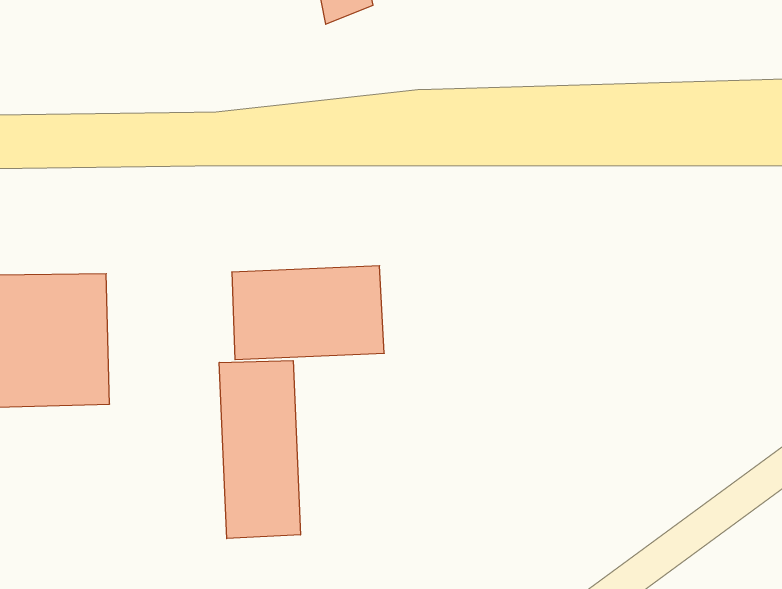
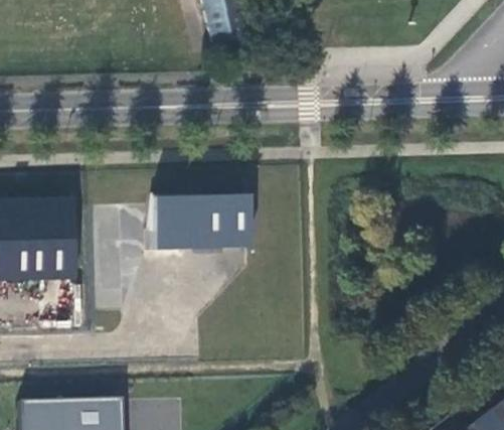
building: [219,361,300,539] -> none

